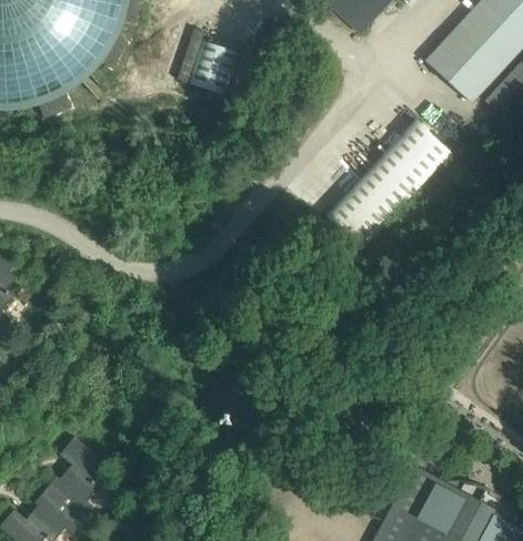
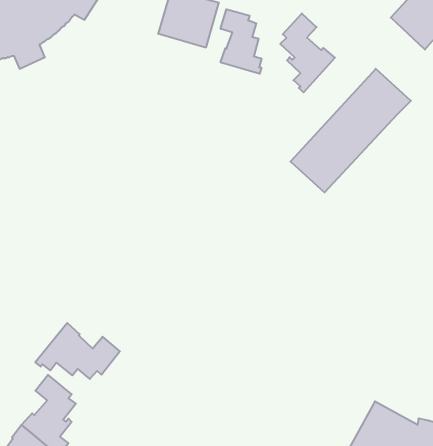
building: none -> [221,9,261,74]
building: none -> [280,13,335,92]
building: none -> [35,323,120,379]

